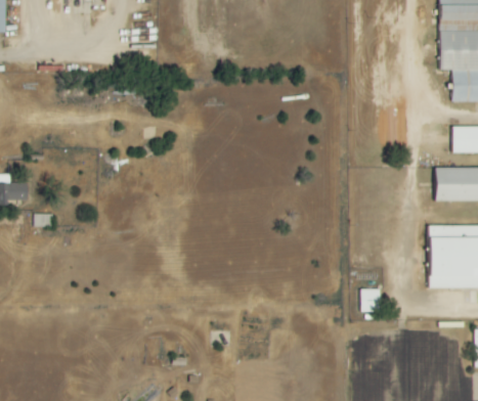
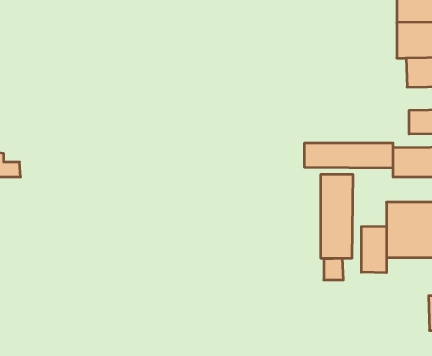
building: none -> [305,143,393,168]
building: none -> [321,174,353,258]
building: none -> [361,226,386,273]

